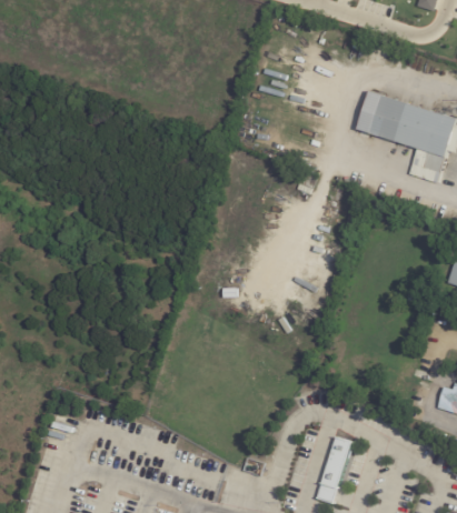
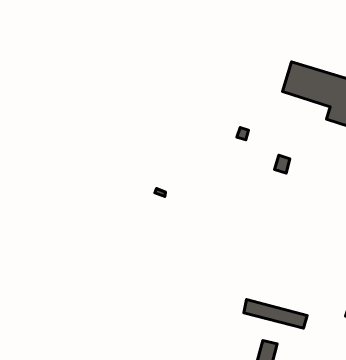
building: none -> [244,300,307,328]

